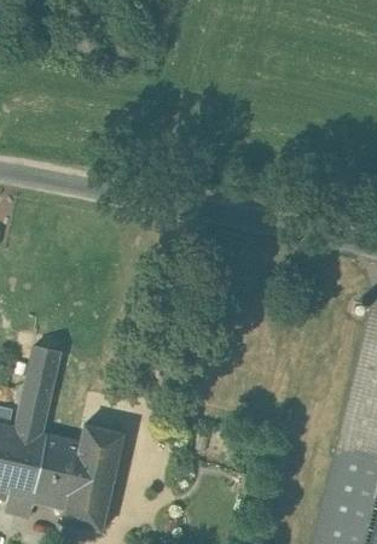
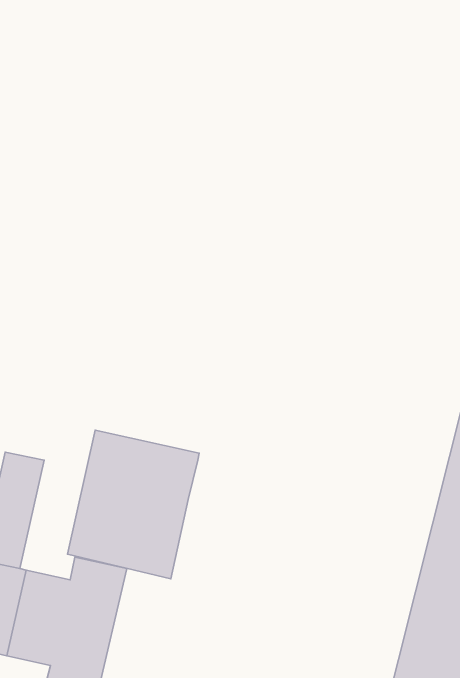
building: none -> [67,430,199,579]

